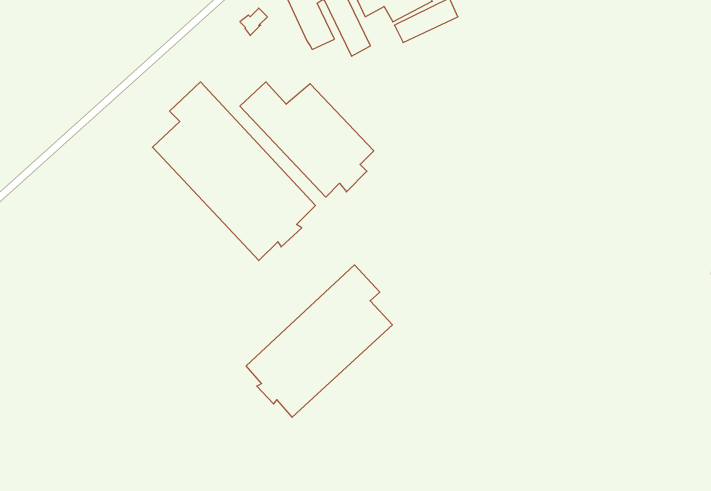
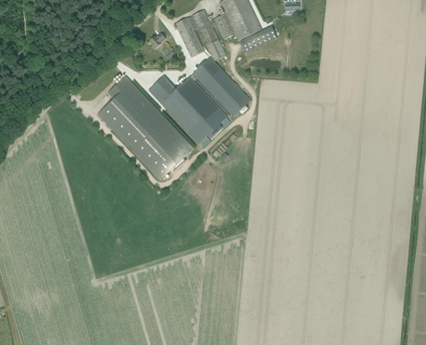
building: none -> [191,57,250,116]
building: [246,265,392,417] -> none

